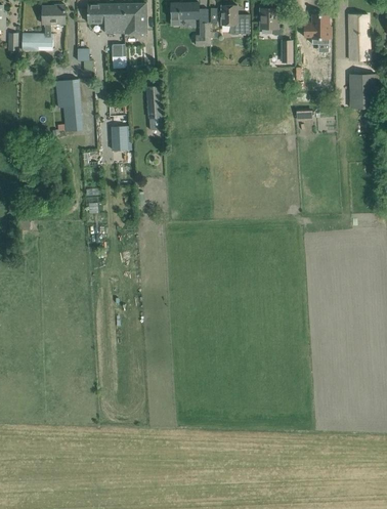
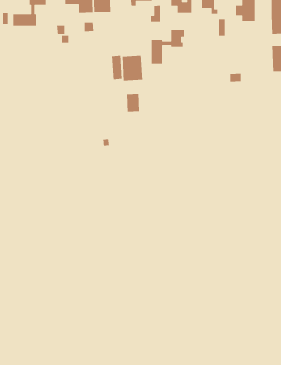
building: none -> [151,29,185,64]
building: [55,79,82,131] -> none
building: none -> [122,55,143,81]
building: [111,126,128,151] -> [126,93,140,113]

